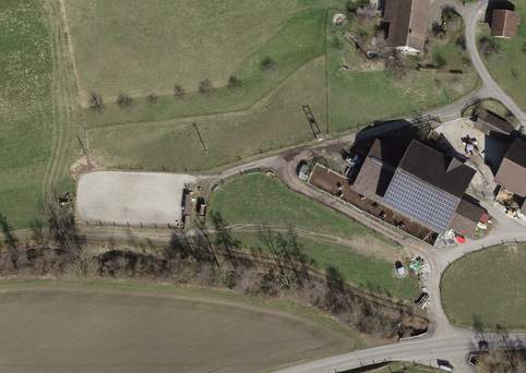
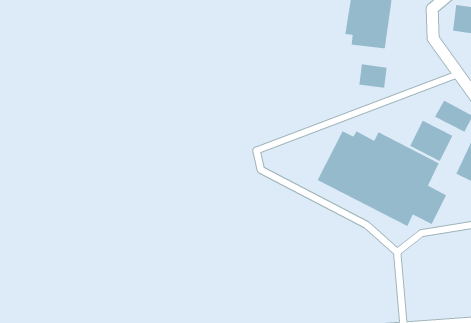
building: none -> [359,64,387,88]
building: none -> [410,120,453,162]

